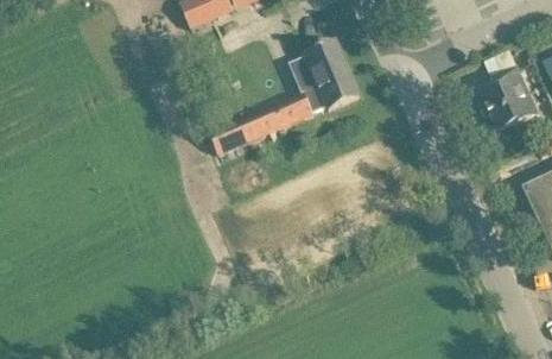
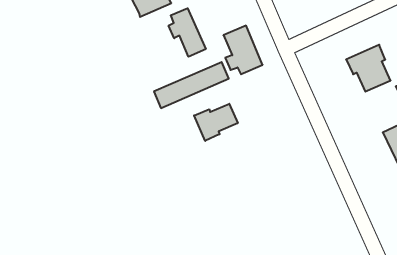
building: none -> [169,8,206,57]
building: none -> [194,104,238,141]

